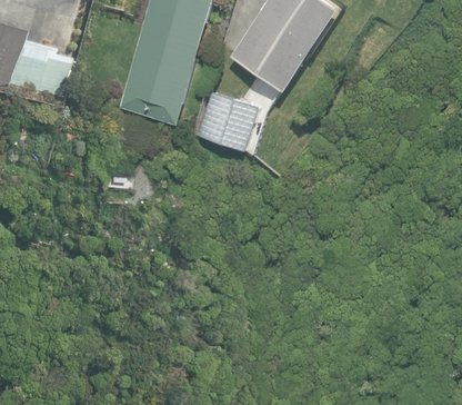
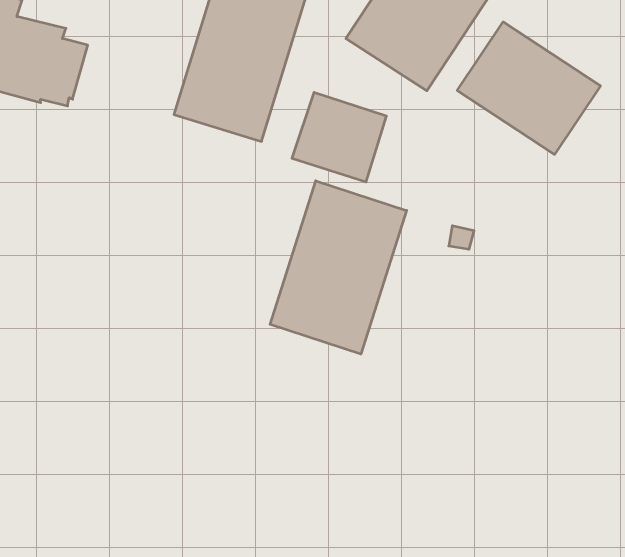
building: none -> [457,22,600,154]
building: none -> [270,181,407,354]

